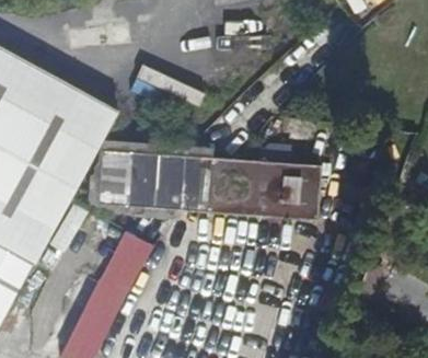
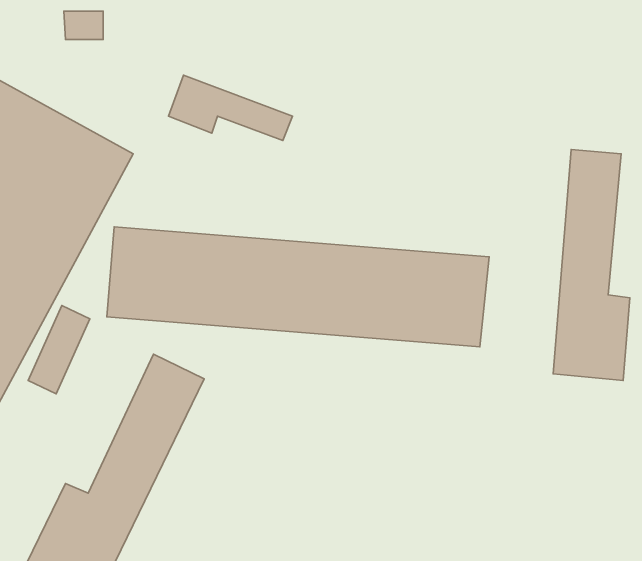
building: none -> [553,149,630,380]

